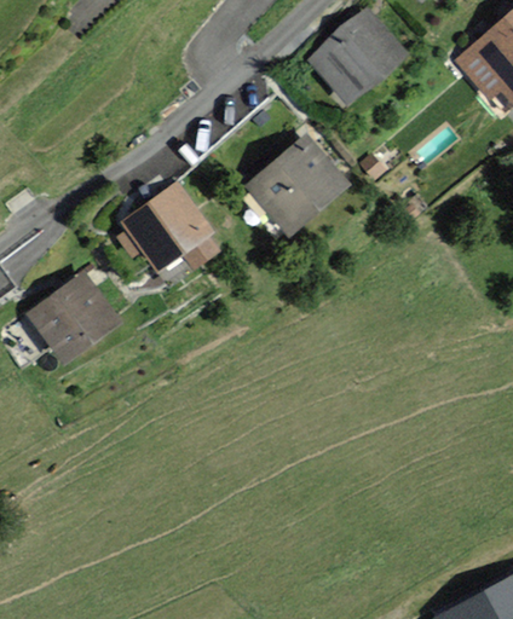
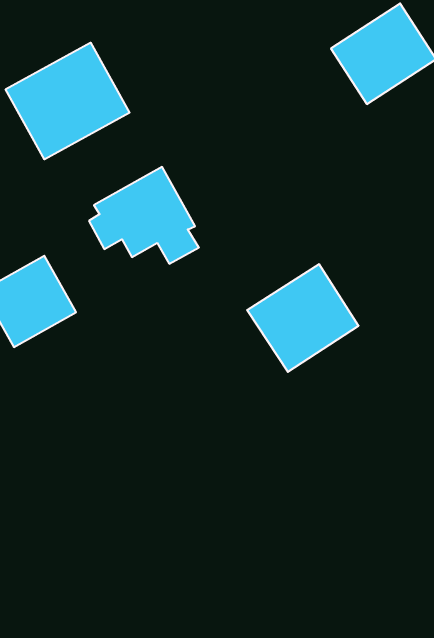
building: none -> [6,43,130,159]
building: [247,134,347,233] -> [247,264,359,372]

